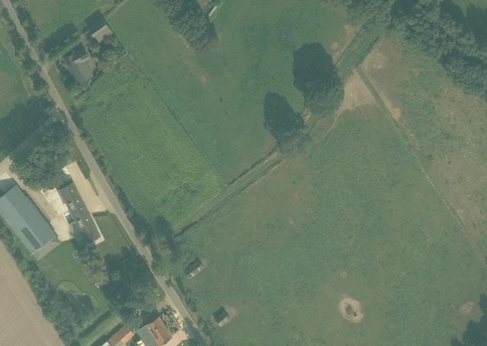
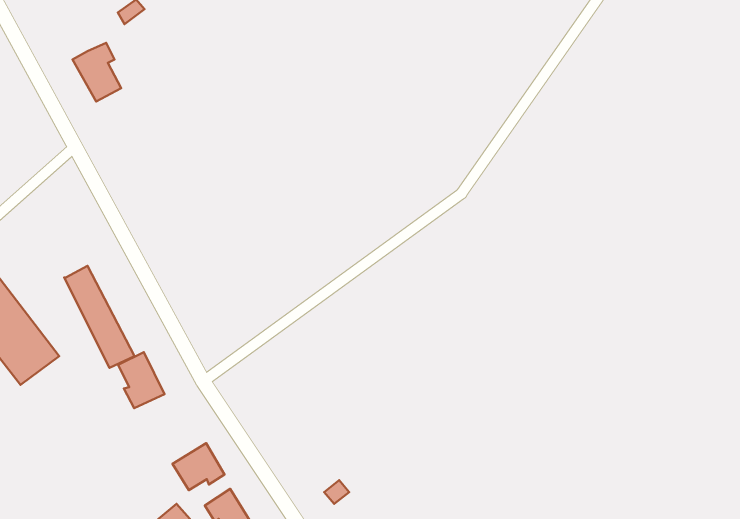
building: none -> [118,352,165,408]
building: none -> [172,443,224,490]

